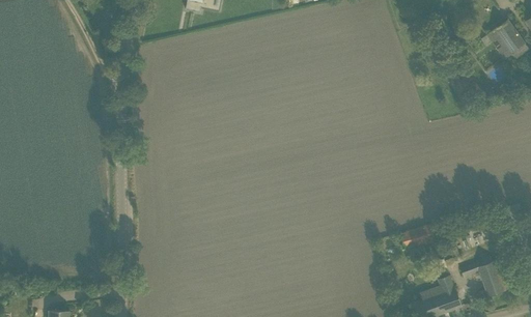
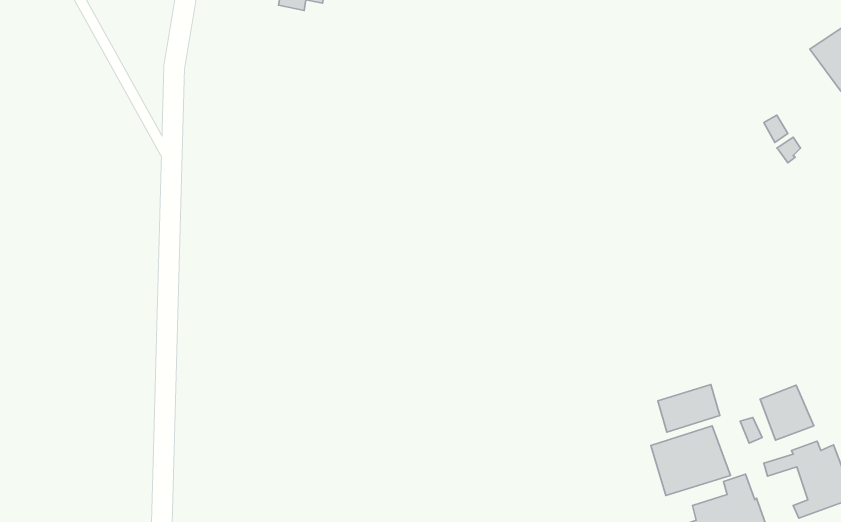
building: none -> [760,385,814,440]
building: none -> [651,426,730,495]

